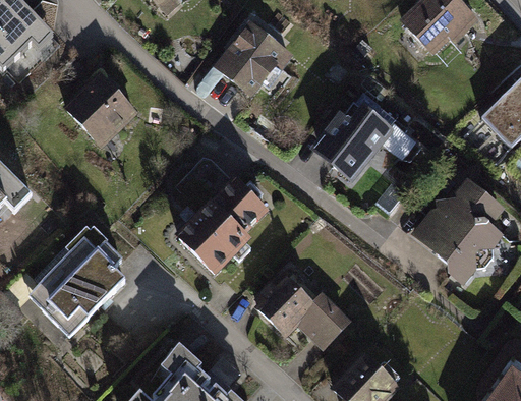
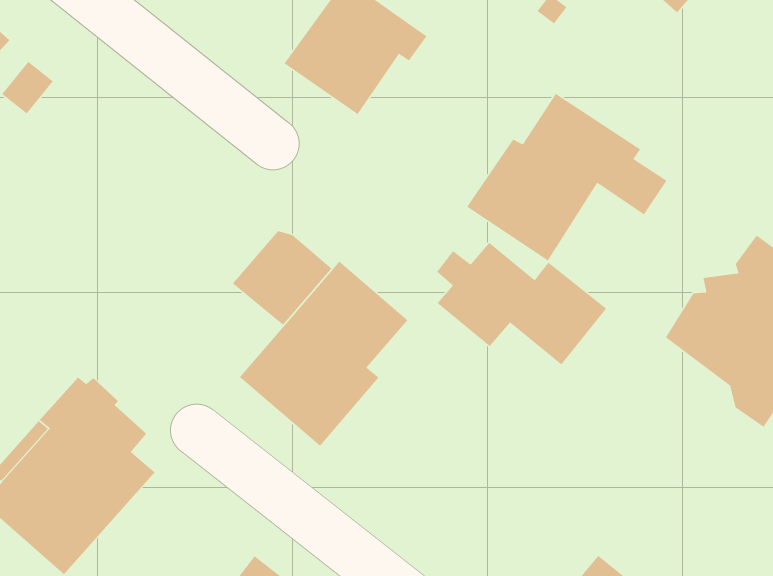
building: [63,73,137,148] -> none
building: [257,273,351,344] -> [436,242,607,366]

